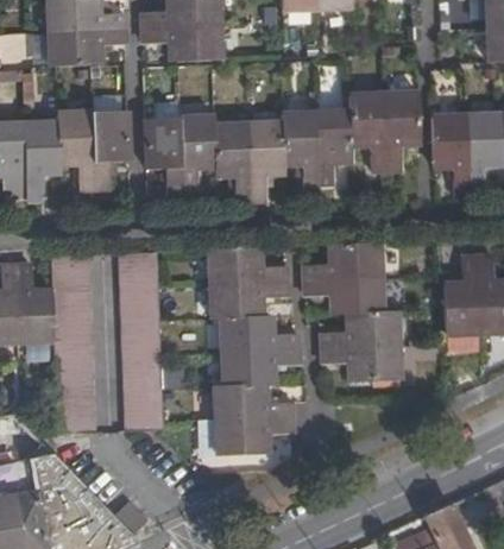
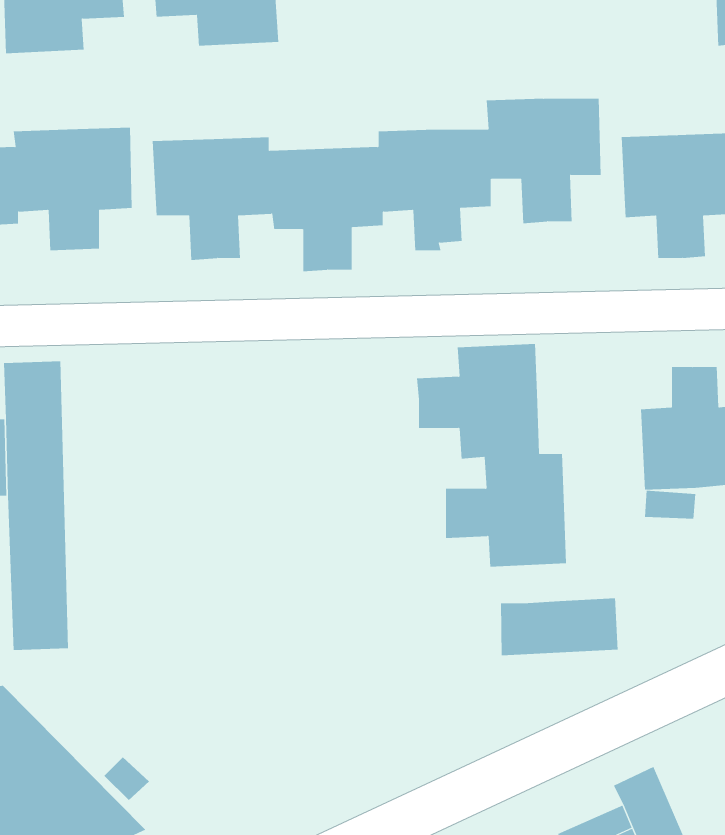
building: [210,246,298,454] -> none
building: [121,251,163,429] -> none
building: none -> [500,598,618,656]

